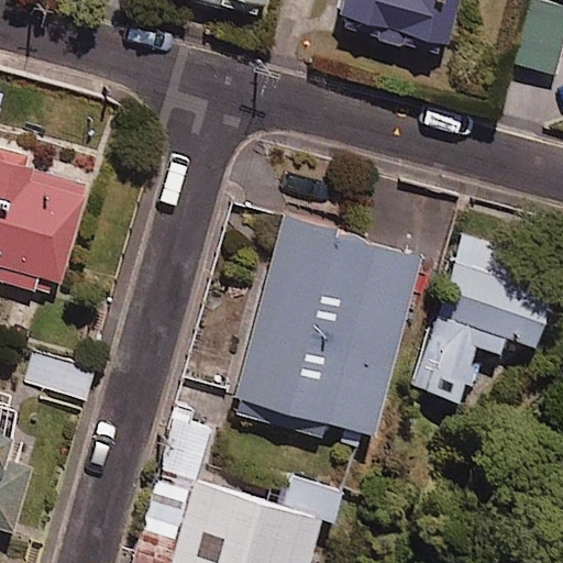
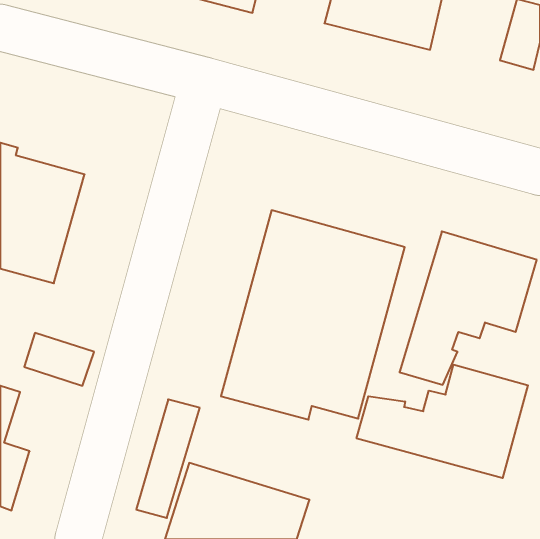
building: none -> [357,365,528,478]

